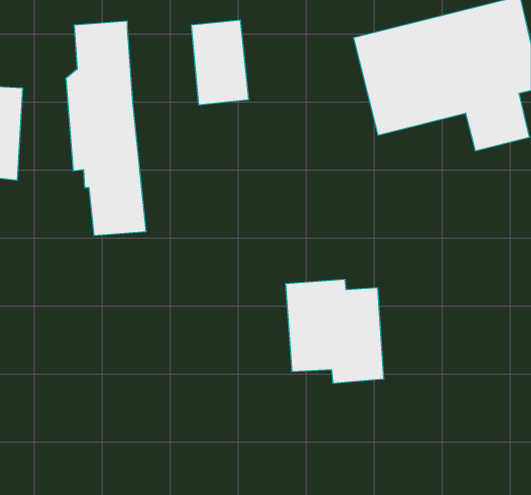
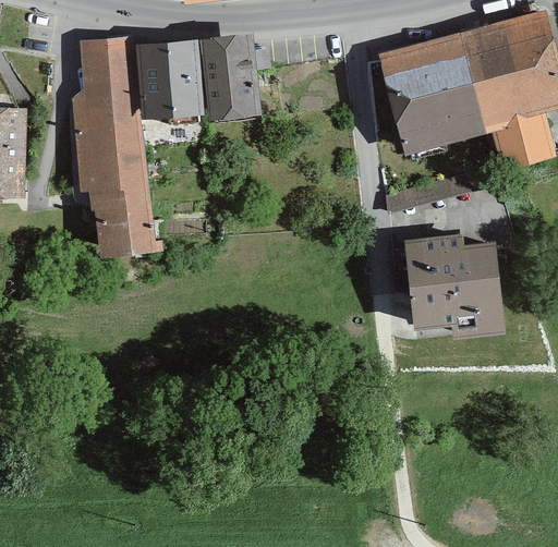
building: none -> [135,39,203,121]
building: [286,280,384,383] -> [403,233,506,341]

